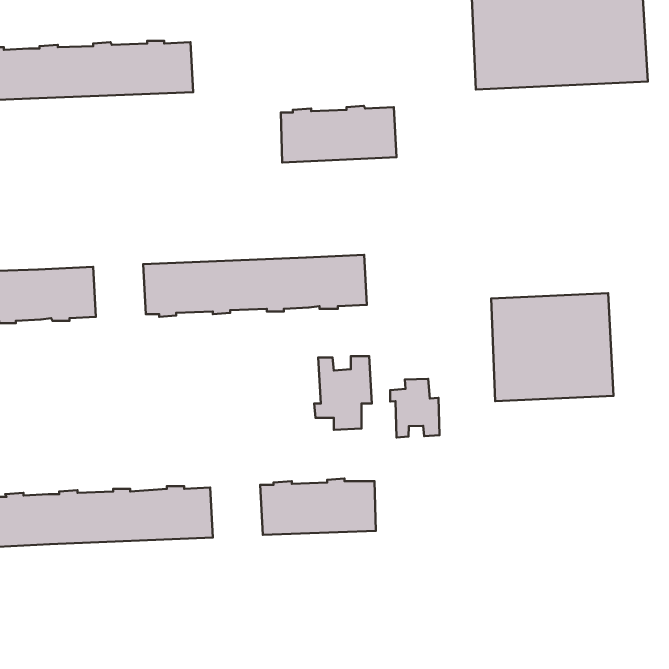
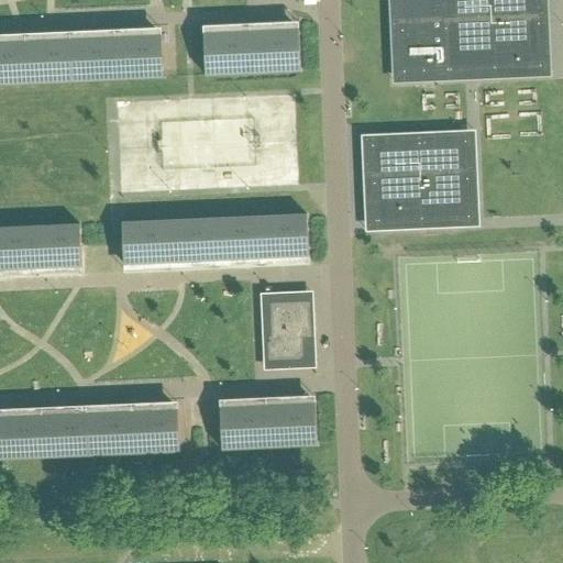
building: [281,106,397,162] -> [203,26,300,74]
building: [491,293,613,401] -> [368,133,471,223]
building: [390,379,439,437] -> none

